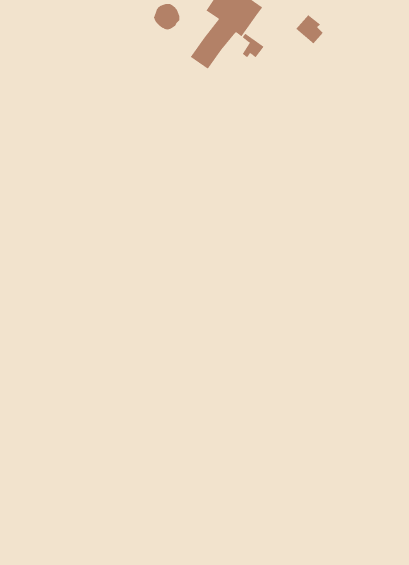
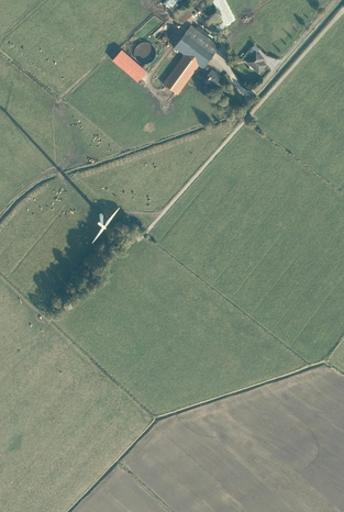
building: none -> [112,49,147,82]

